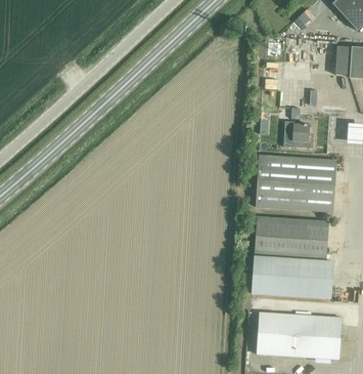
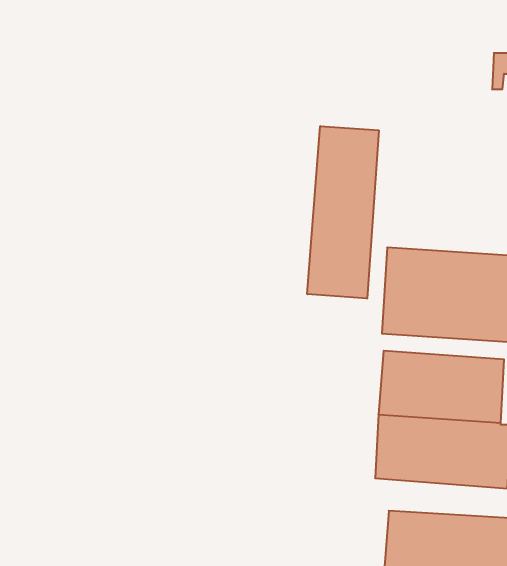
building: none -> [307,126,379,299]
building: [283,120,314,148] -> none

